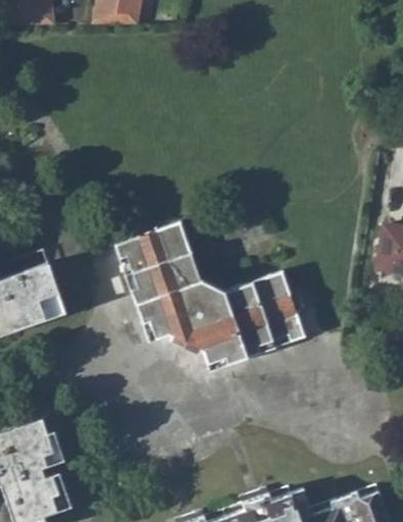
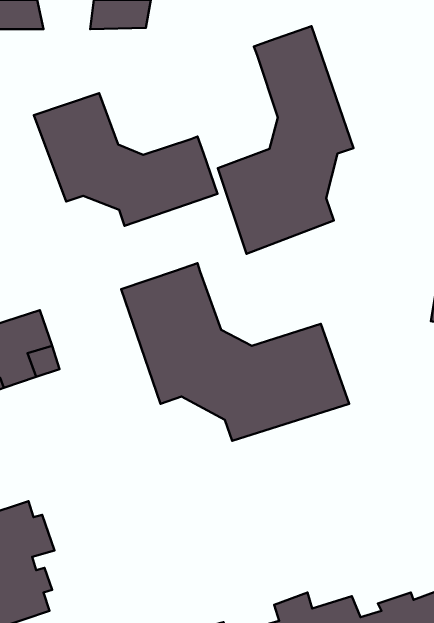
building: none -> [218,26,354,254]
building: none -> [34,93,218,226]

